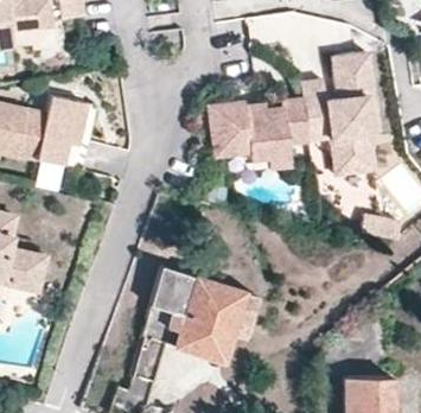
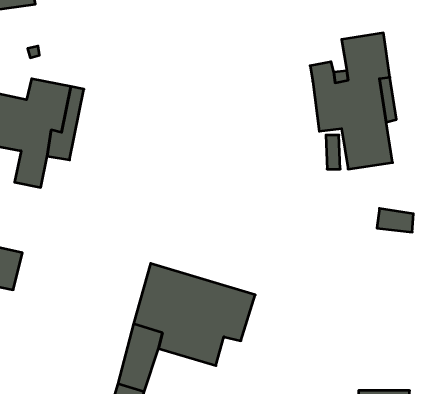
building: [210,97,312,172] -> none

